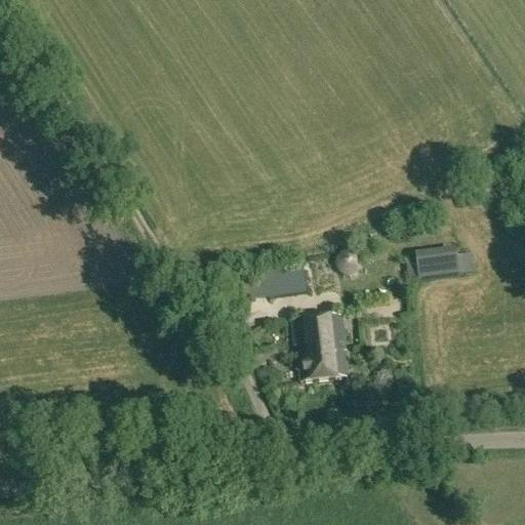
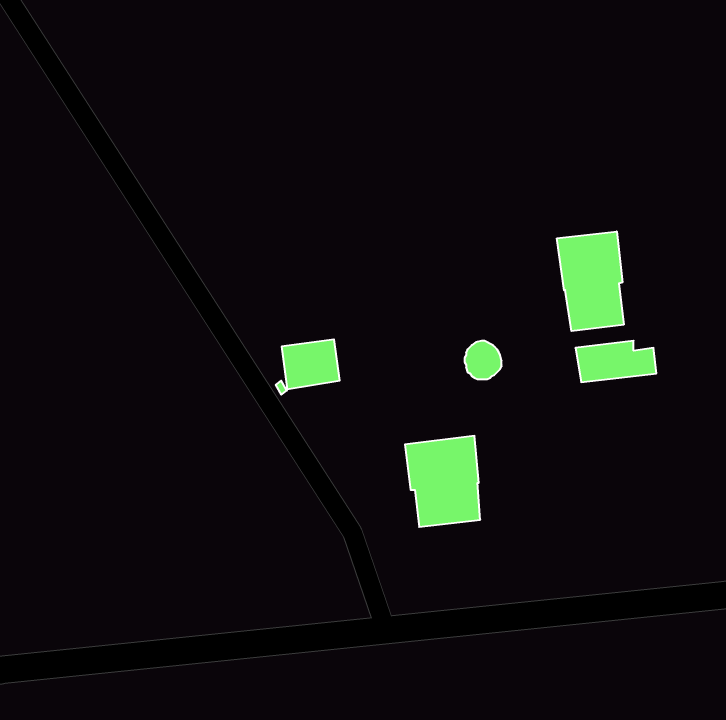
building: none -> [557,231,624,331]
building: [265,260,307,296] -> [282,339,340,389]

